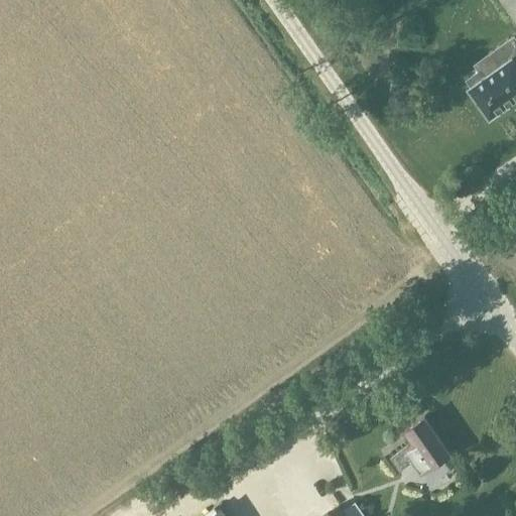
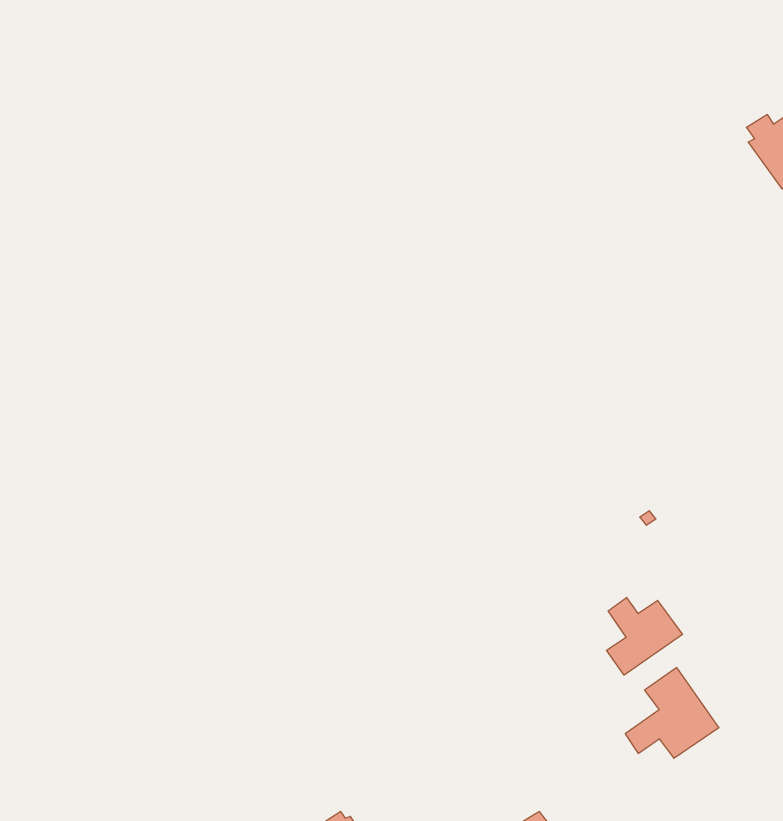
building: none -> [607,597,682,675]

